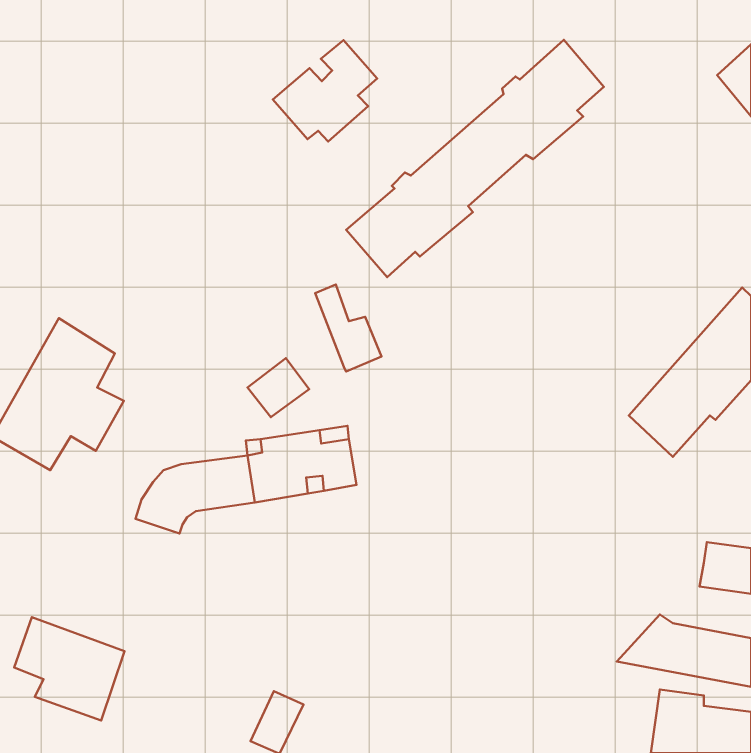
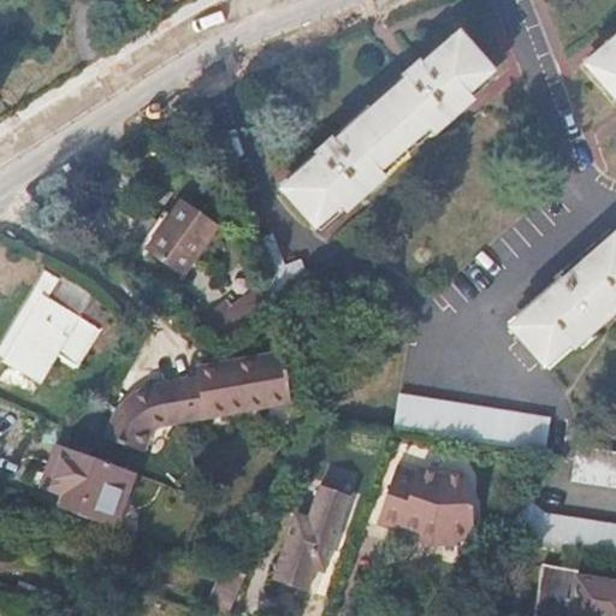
building: [273,40,377,142] -> none
building: none -> [147,202,217,274]
building: none -> [393,393,549,454]
building: none -> [381,466,481,545]
building: none -> [277,482,354,590]
building: [14,617,125,720] -> [41,439,131,523]

